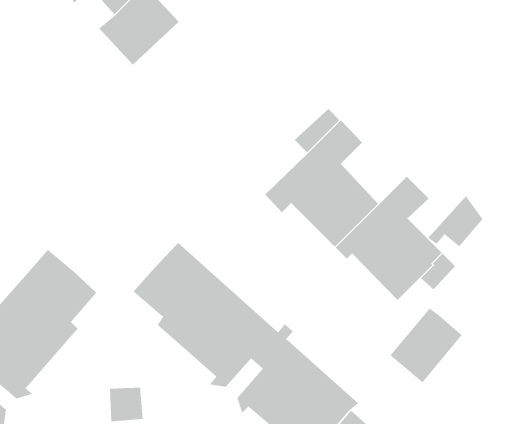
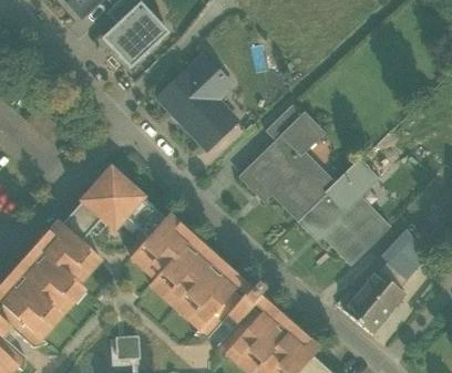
building: none -> [160,55,237,147]
building: none -> [62,167,166,239]
building: [428,195,483,247] -> [379,235,425,278]

